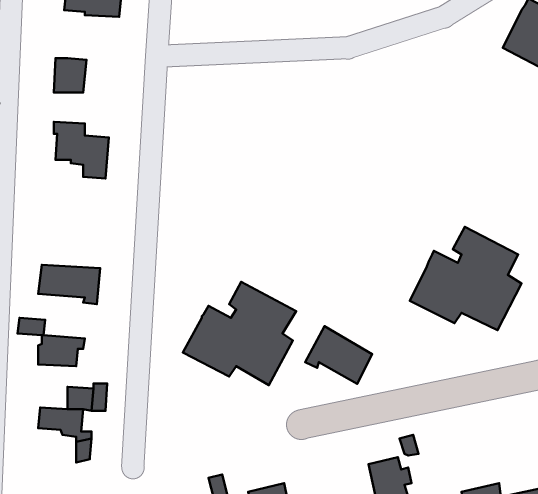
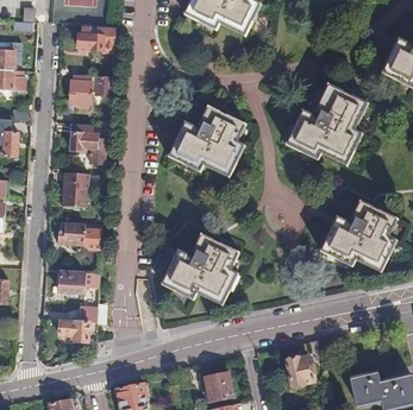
building: none -> [284,82,364,162]
building: none -> [168,103,244,175]
building: none -> [62,171,88,206]
building: [305,326,372,384] -> none

